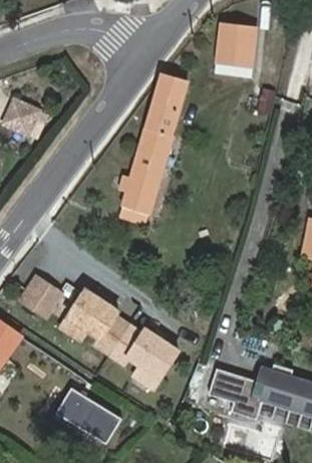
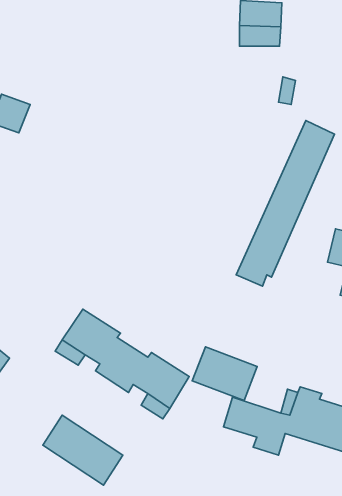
building: [118,77,205,223] -> [236,121,334,286]
building: [19,278,59,318] -> none
building: none -> [192,347,257,401]

